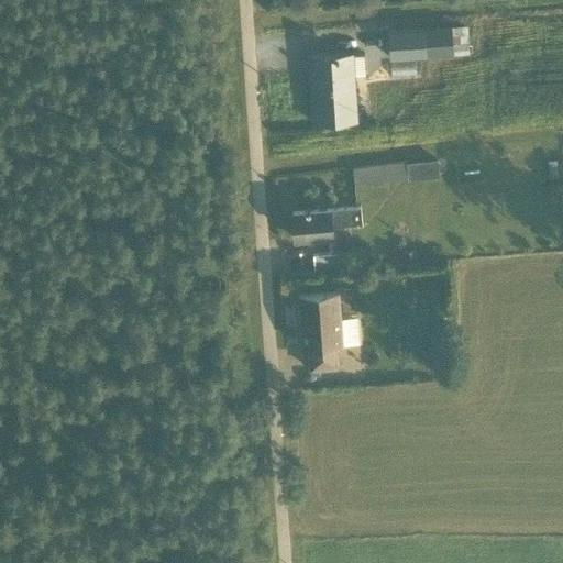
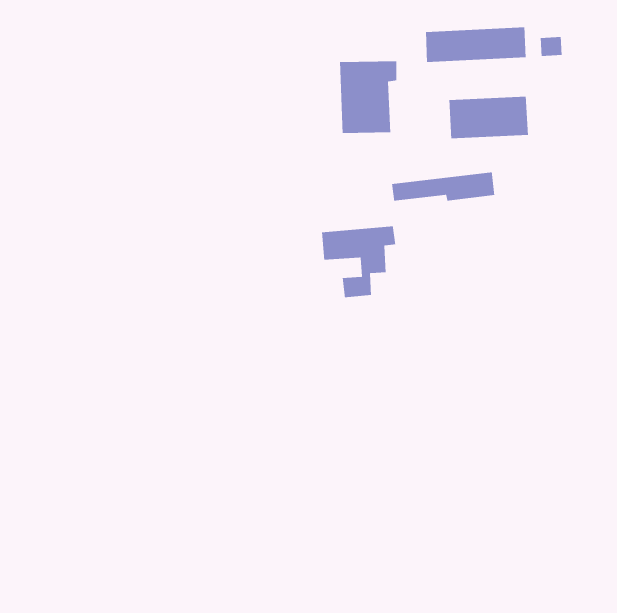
building: none -> [448,96,529,139]
building: [299,296,343,373] -> none

